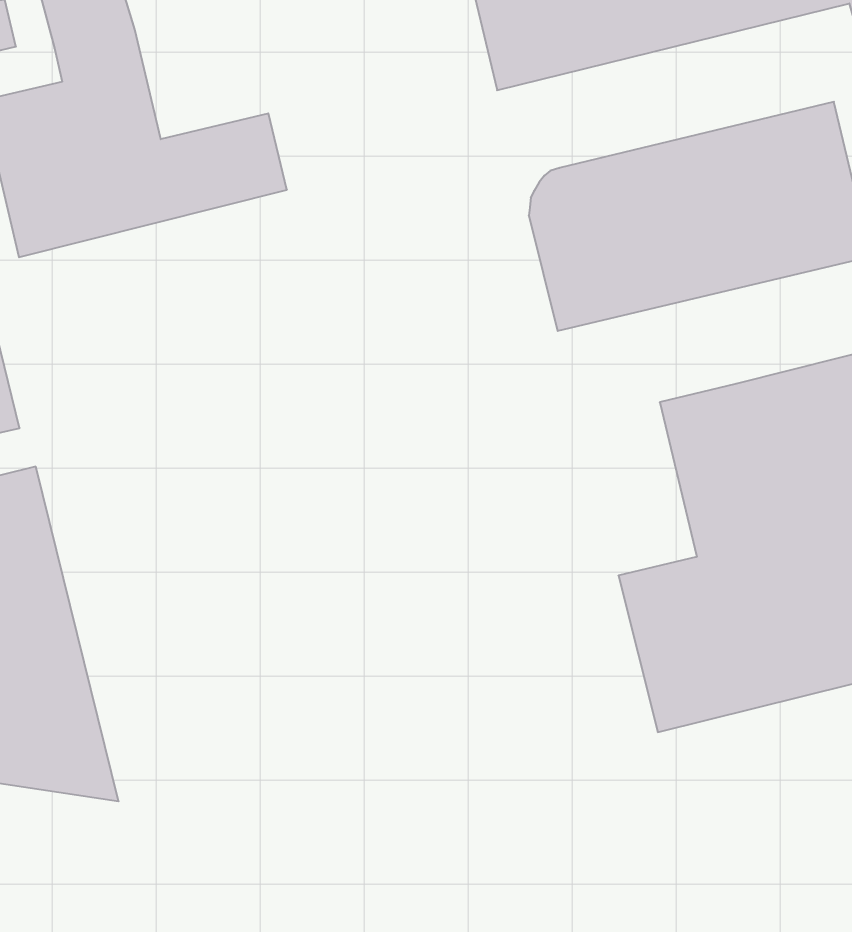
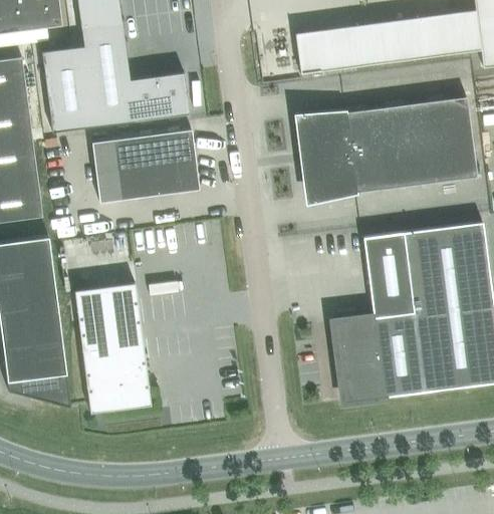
building: none -> [90,130,198,202]
building: none -> [76,291,150,421]

